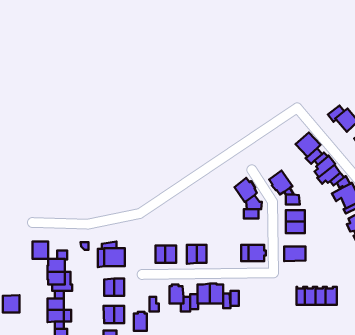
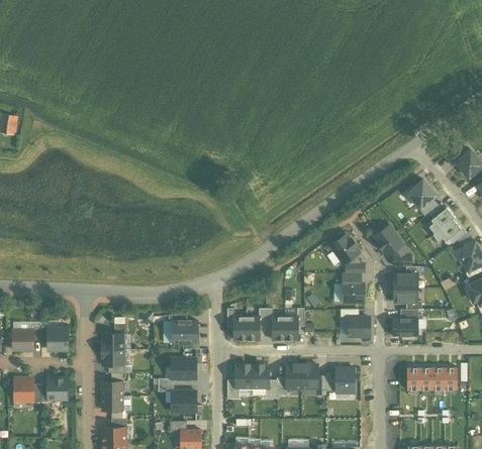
building: none -> [343,283,365,302]
building: [33,241,48,259] -> [49,328,68,349]
building: none -> [335,367,355,392]
building: [134,312,147,331] -> [235,364,252,387]

